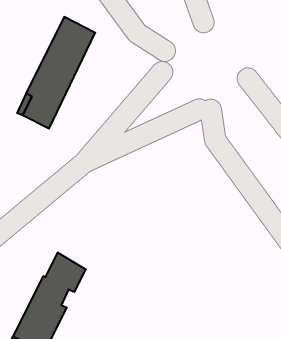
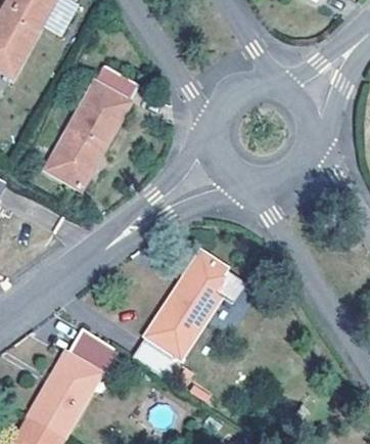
building: none -> [132,254,236,381]

